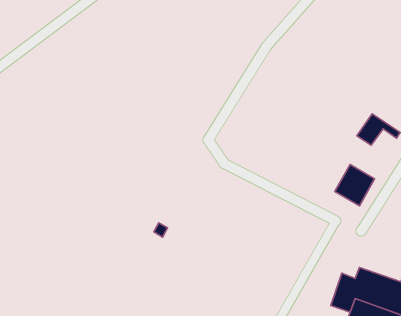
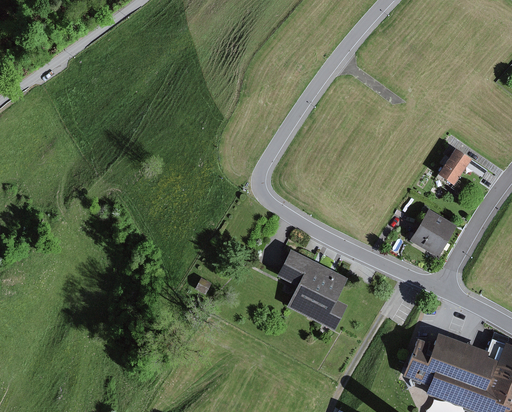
building: none -> [277,250,347,331]

